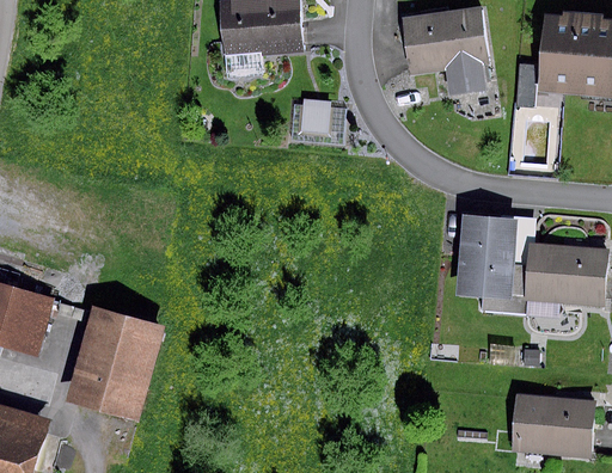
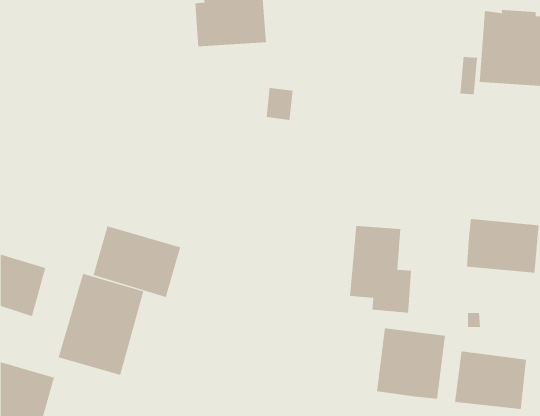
building: [402,8,486,91] -> none
building: [455,215,526,313] -> [349,226,412,313]
building: none -> [93,225,181,298]
building: none -> [376,327,445,400]

